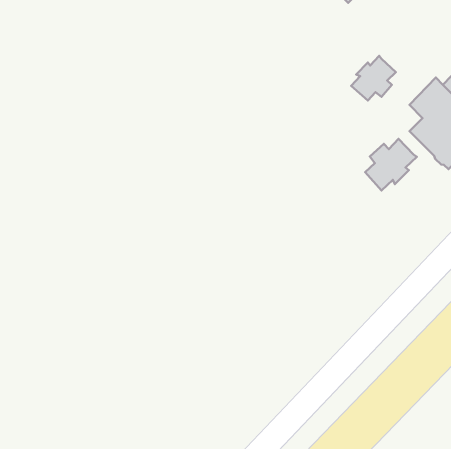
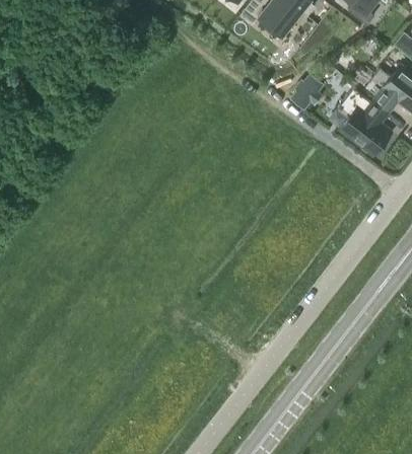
building: [365,139,417,191] -> none

